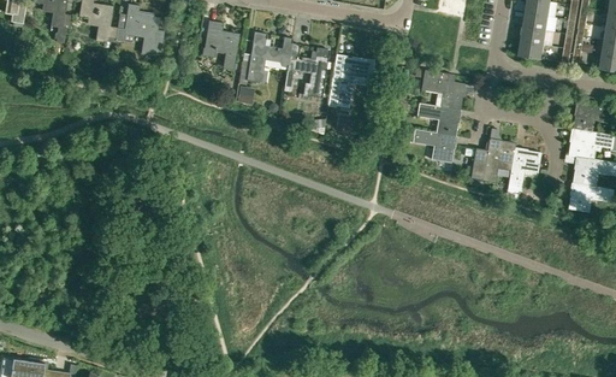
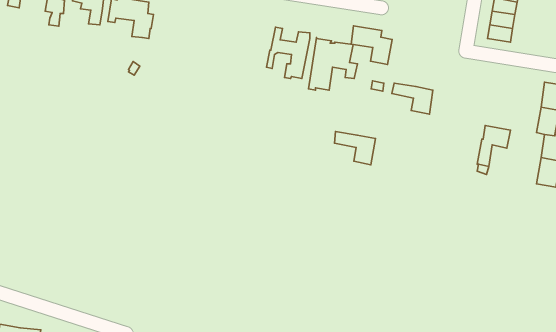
building: [203,20,239,70] -> none
building: [247,33,294,84] -> none
building: [421,69,464,110] -> [351,26,392,65]
building: [413,128,456,163] -> [334,132,375,165]
building: [470,139,516,182] -> none

